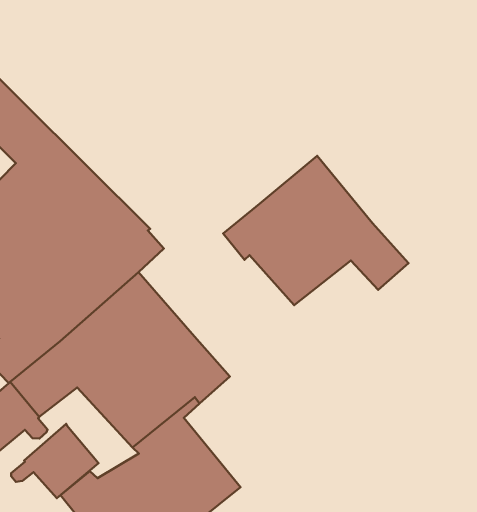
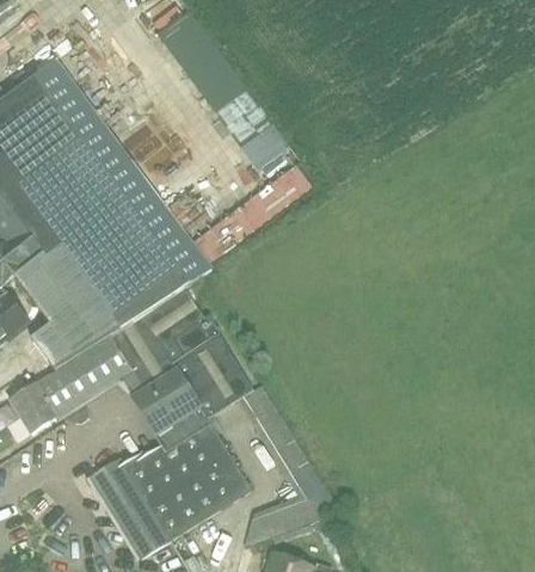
building: [223,156,408,305] -> none
building: [11,424,98,498] -> none

